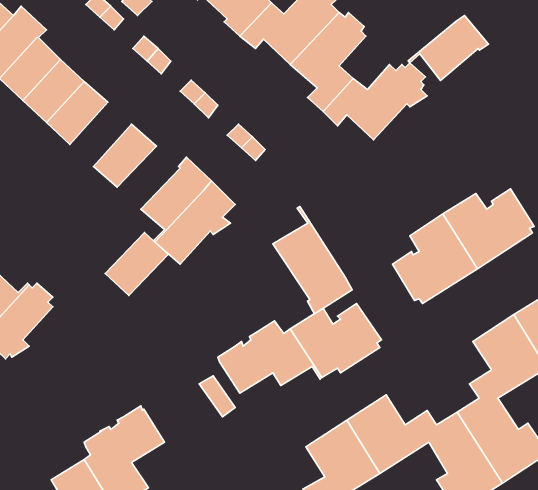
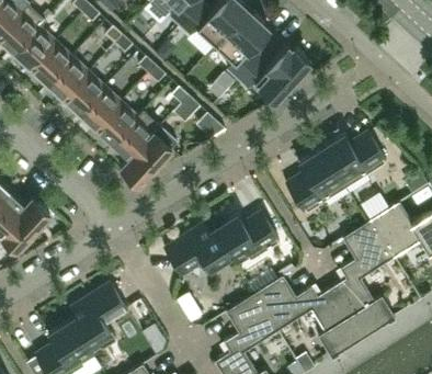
building: [408,15,488,80] -> none
building: none -> [61,72,104,117]
building: [273,206,352,314] -> none
building: [105,232,168,295] -> [94,103,138,147]

